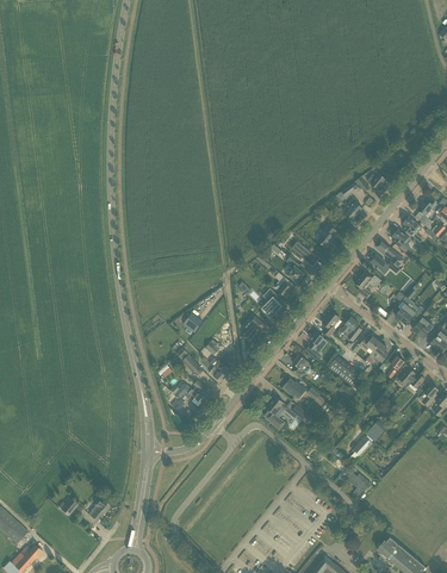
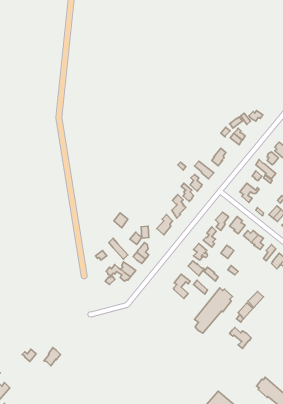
building: none -> [195,288,232,333]

